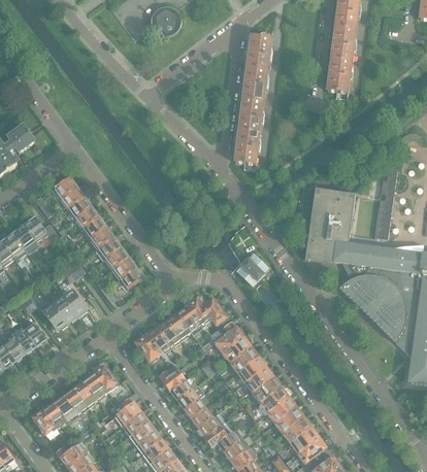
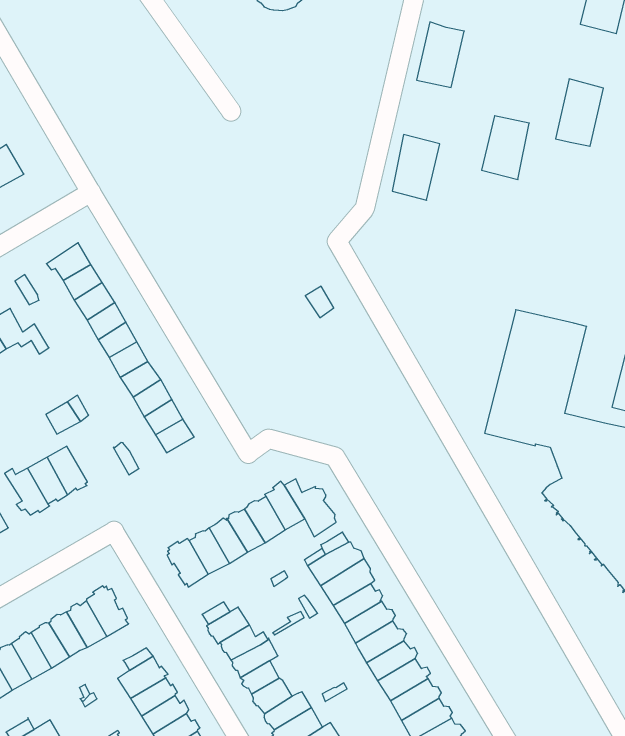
building: [331,27,355,61] -> none
building: [242,67,266,101] -> [482,116,529,180]
building: [235,130,259,165] -> none
building: [236,254,268,285] -> none

